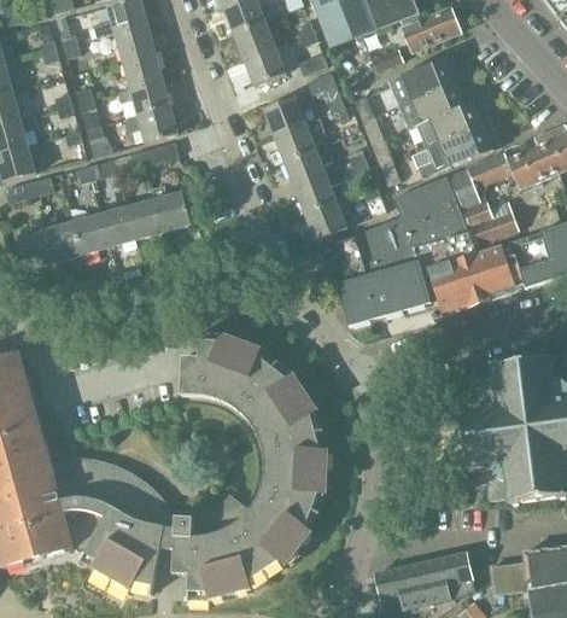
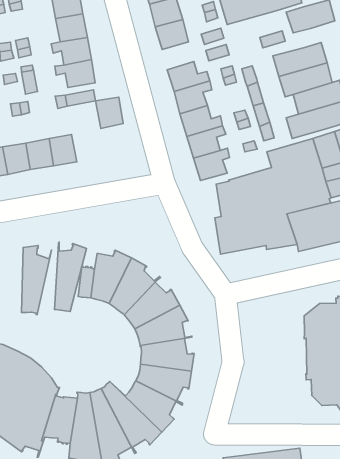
building: [153,191,189,231] -> [95,97,123,128]
building: none -> [55,242,86,312]
building: none -> [21,246,51,314]

